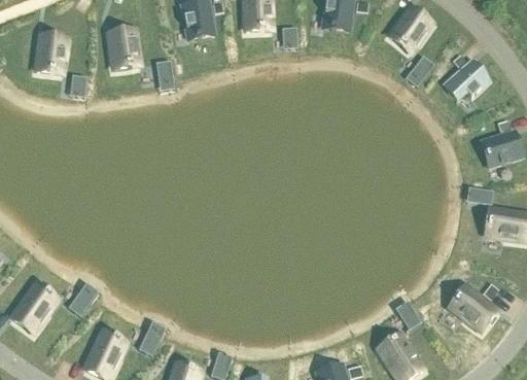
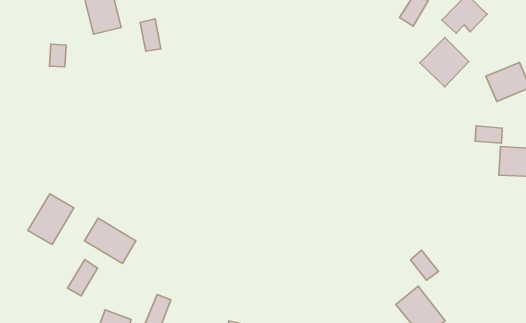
building: [35,35,66,72] -> none
building: none -> [420,38,469,87]
building: none -> [85,218,136,263]
building: [10,282,56,331] -> [28,194,74,245]
building: [448,284,495,330] -> none

